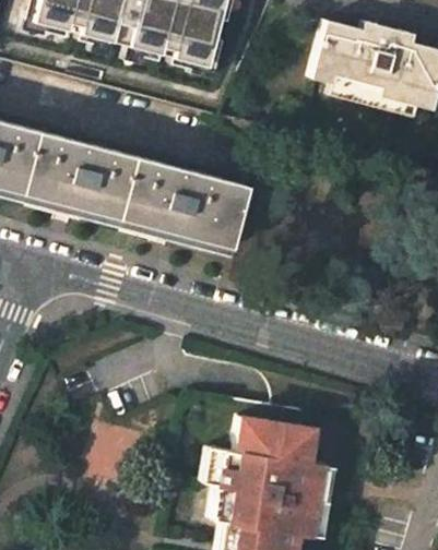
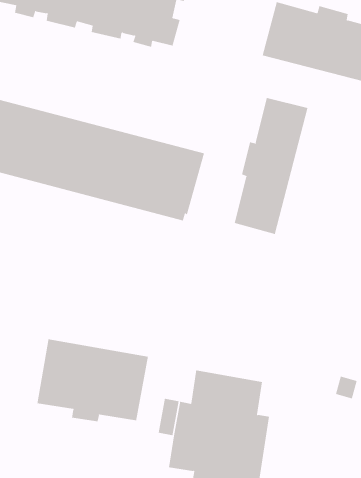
building: none -> [234,97,308,235]
building: none -> [37,339,148,422]

